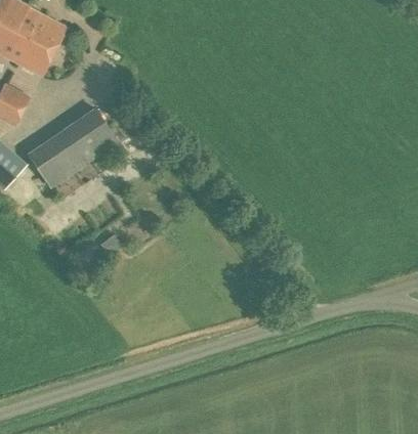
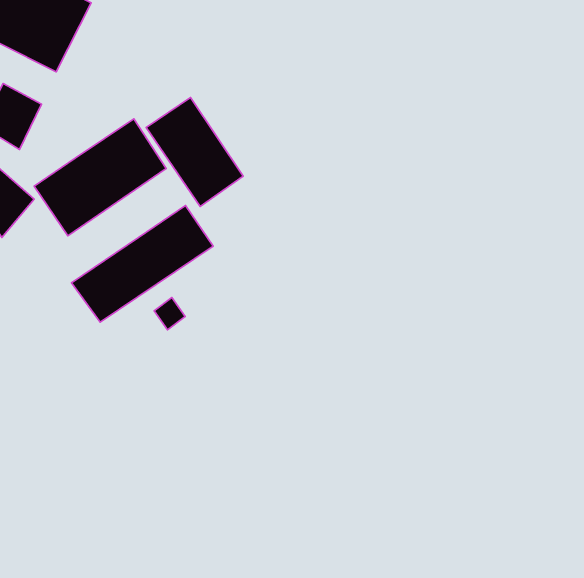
building: none -> [146,98,243,207]
building: none -> [72,206,213,322]

